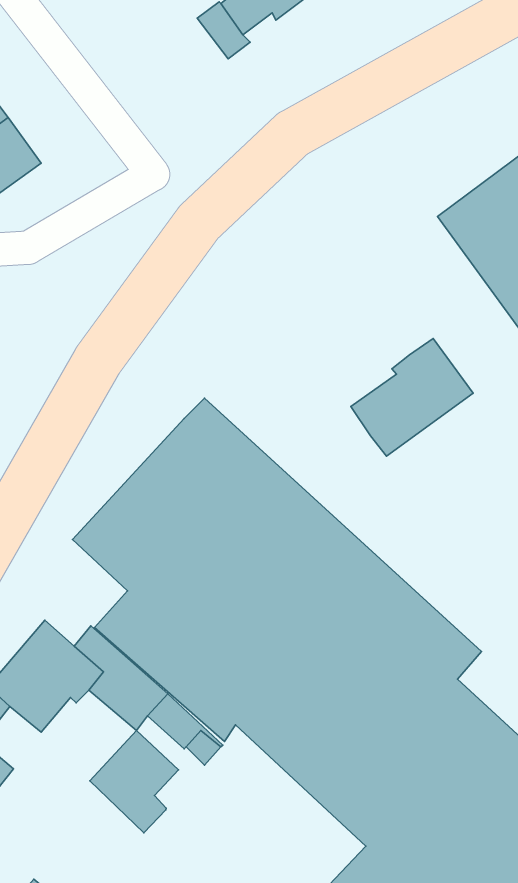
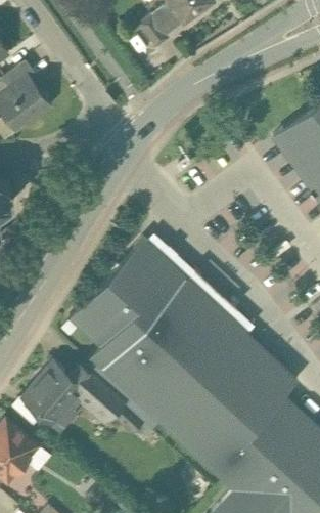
building: [351,339,473,456] -> none
building: [90,730,179,833] -> none

